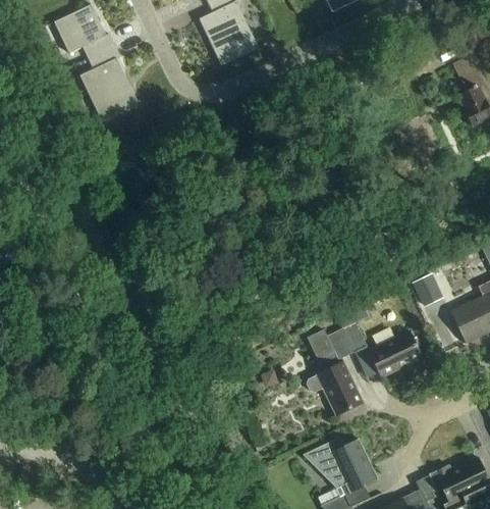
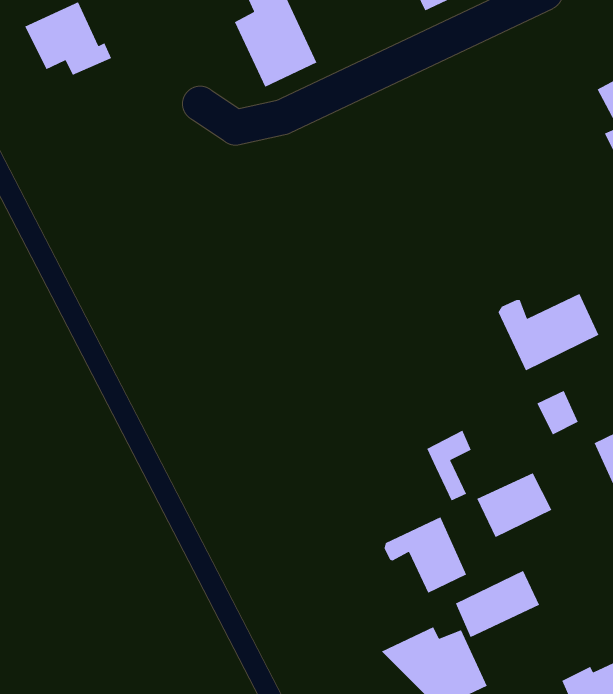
building: [80,44,140,121] -> none
building: none -> [498,293,599,372]
building: [305,328,351,362] -> none
building: none -> [455,570,540,638]

